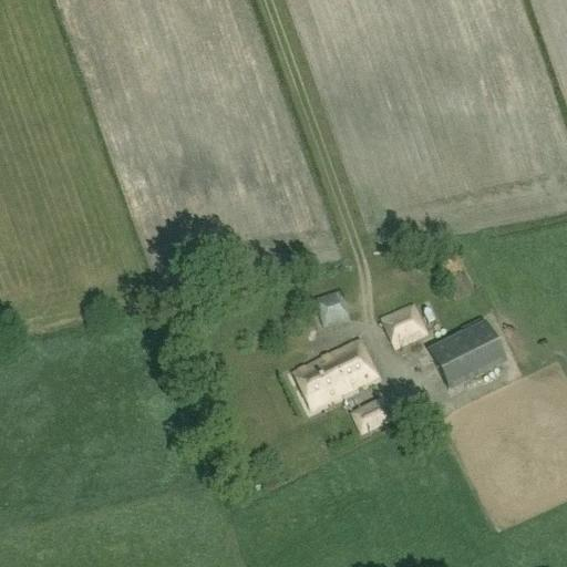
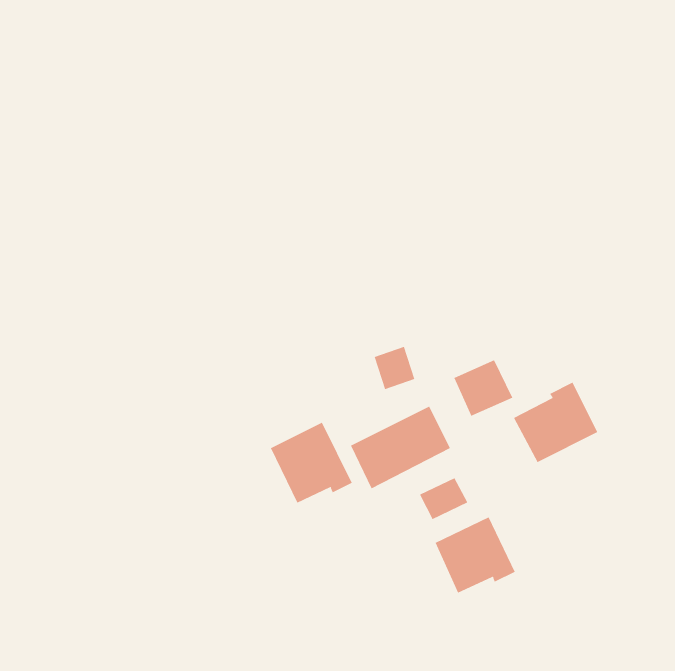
building: none -> [270,422,353,504]
building: none -> [435,517,515,593]

